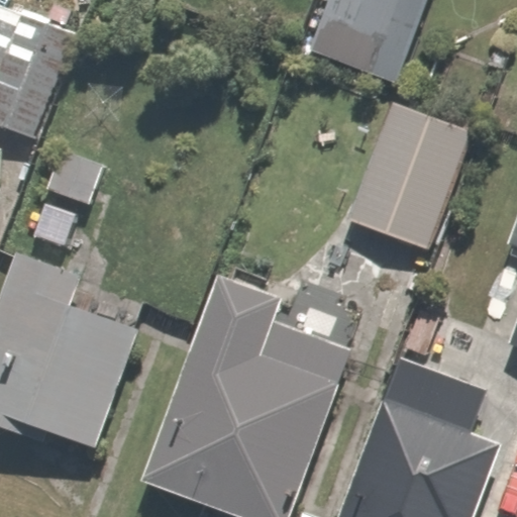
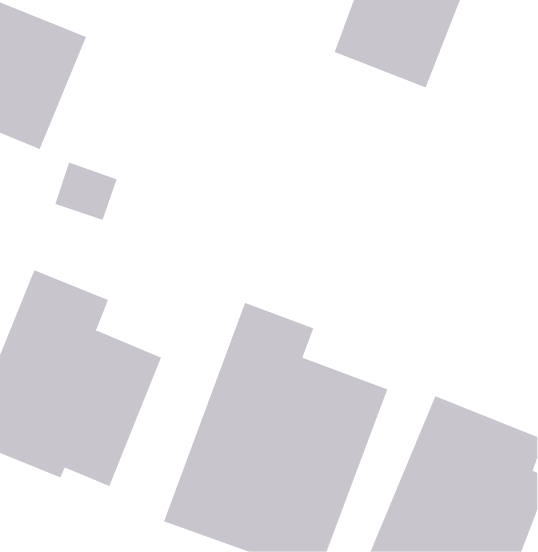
building: [350,102,478,250] -> none

